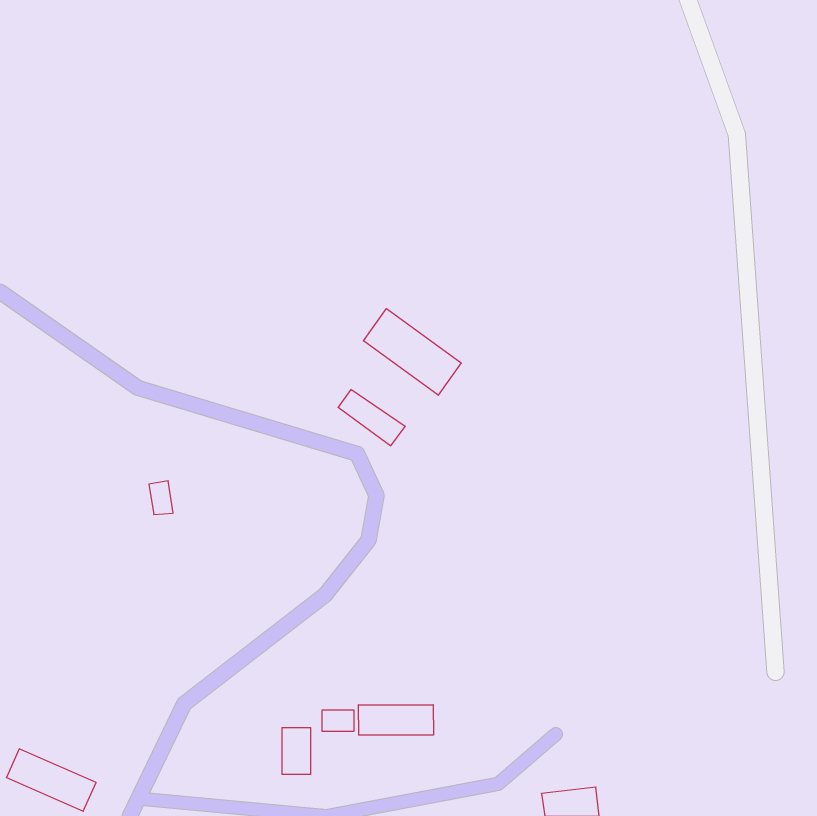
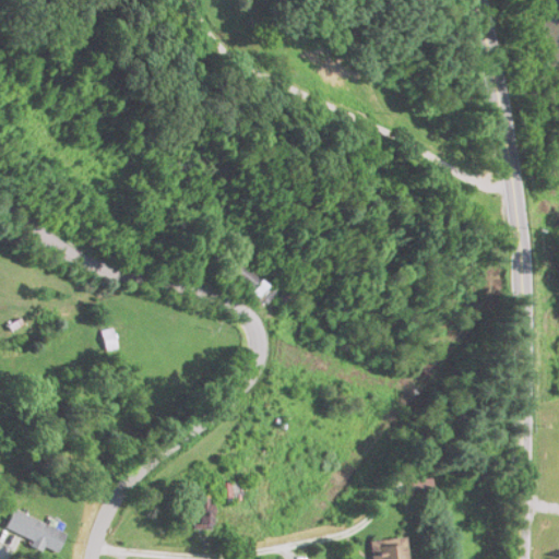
building: [363,309,461,395] -> none
building: [359,705,433,735] -> none

